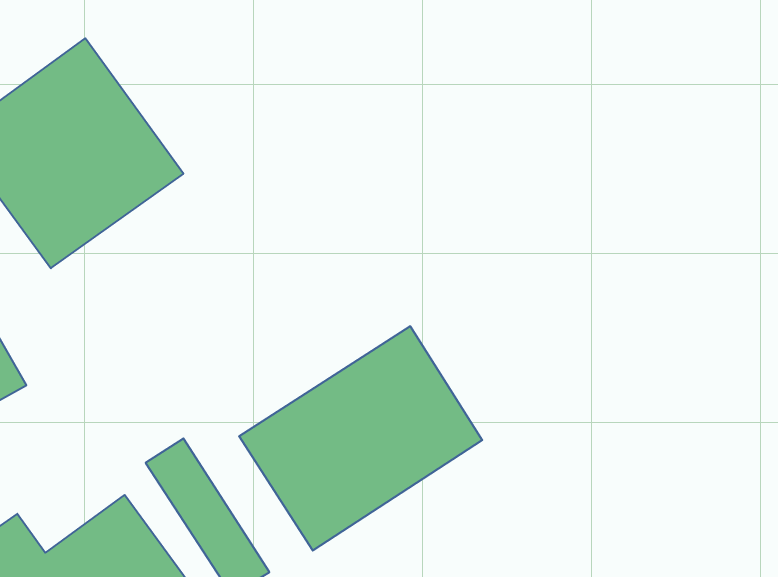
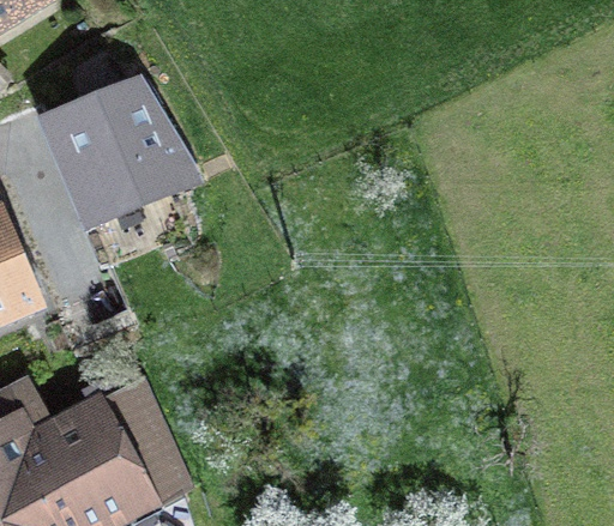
building: [239,326,482,551] -> none

